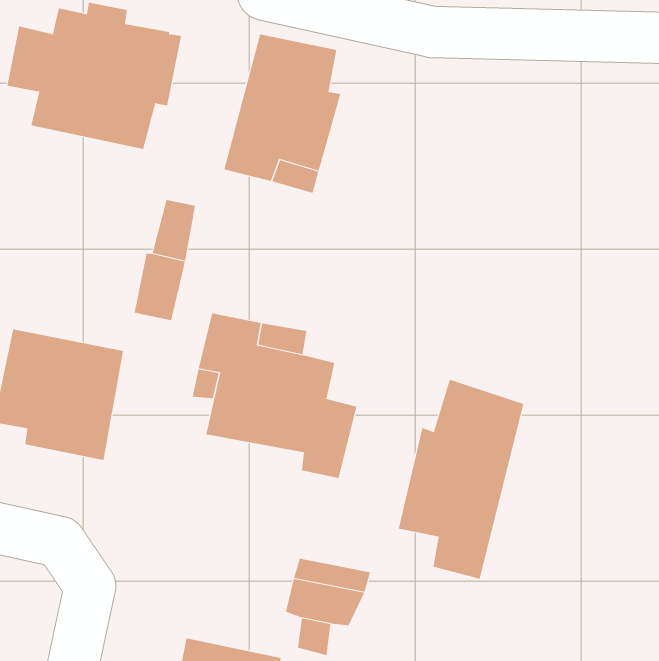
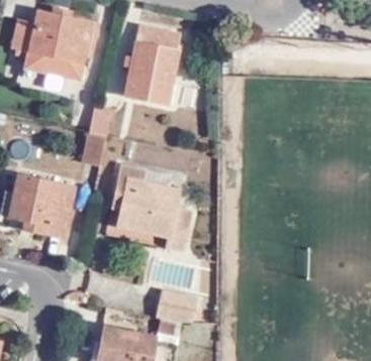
building: [398,379,524,580] -> none

